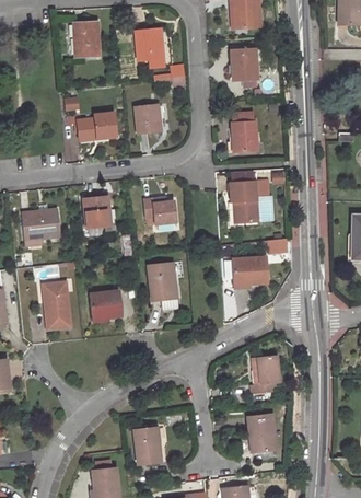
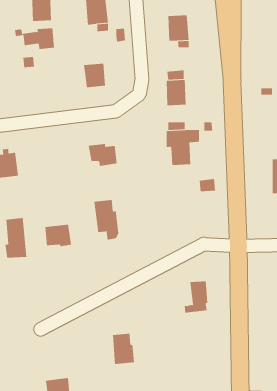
building: [68,114,115,139] -> [14,28,55,50]
building: [81,195,108,228] -> none
building: [233,257,268,283] -> none
building: [248,413,276,450] -> none
building: [135,428,161,464] -> [112,333,135,364]

